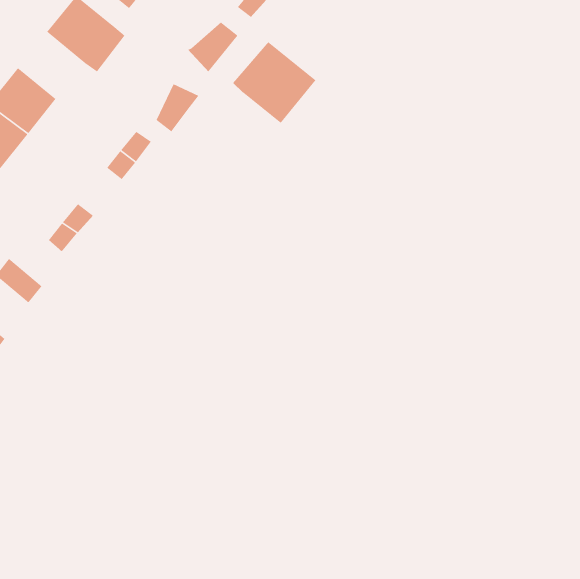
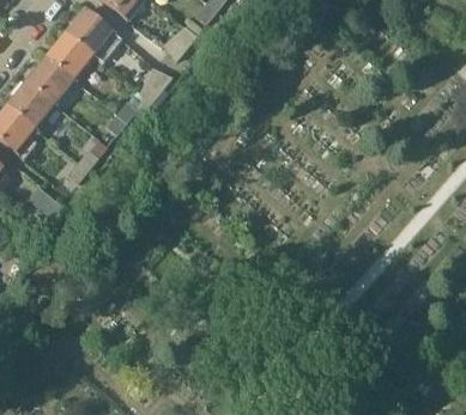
building: none -> [48,32,93,78]
building: [232,41,317,124] -> none

